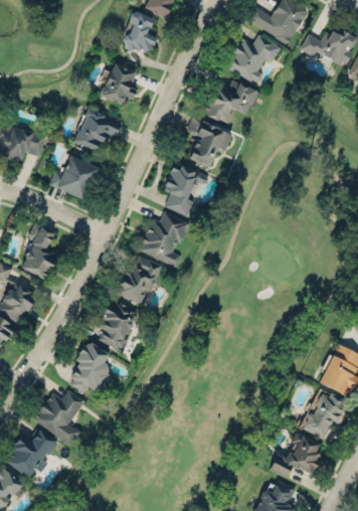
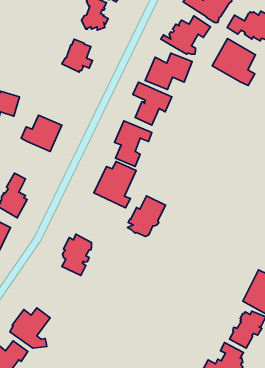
building: none -> [212,39,256,86]
building: [72,109,122,153] -> none
building: [116,254,162,304] -> [127,196,165,237]
building: [68,341,112,393] -> none

